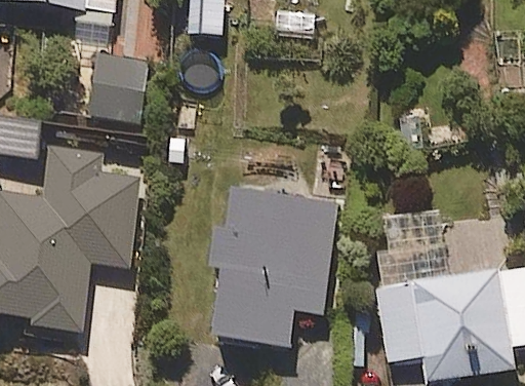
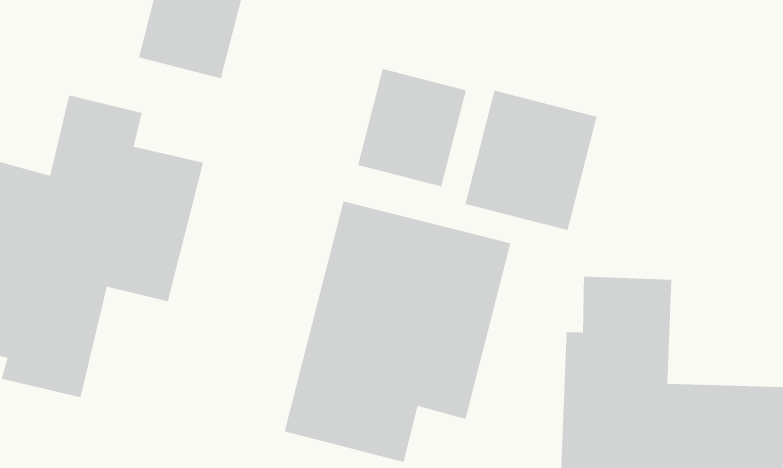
building: none -> [358,68,466,187]
building: none -> [465,90,597,231]

